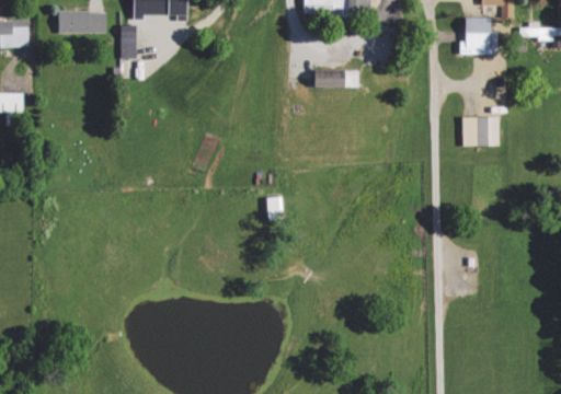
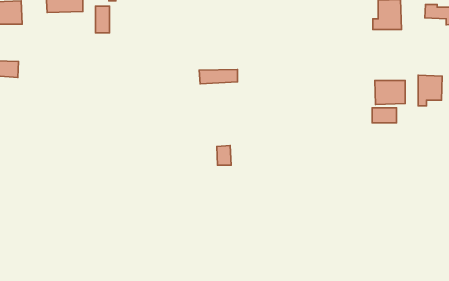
building: [311,70,358,88] -> [199,69,238,84]
building: none -> [418,75,442,106]
building: none -> [372,108,397,123]

